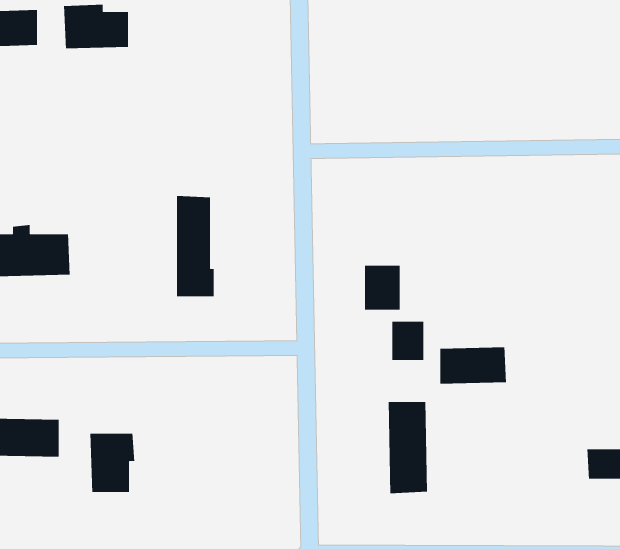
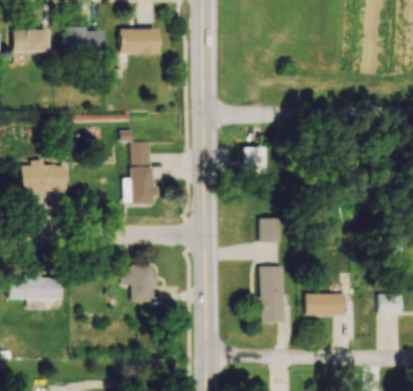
building: none -> [119,29,157,54]
building: [364,265,401,310] -> [242,148,264,175]
building: [439,346,507,385] -> [306,293,347,316]
building: [90,433,135,493] -> [128,265,155,302]

